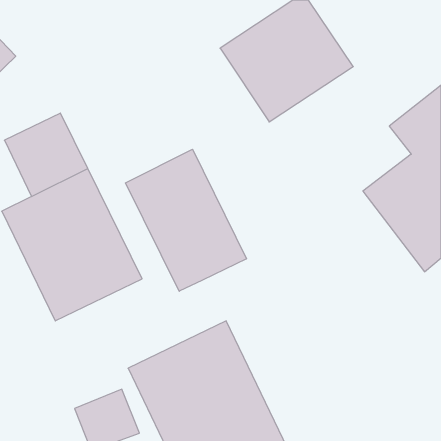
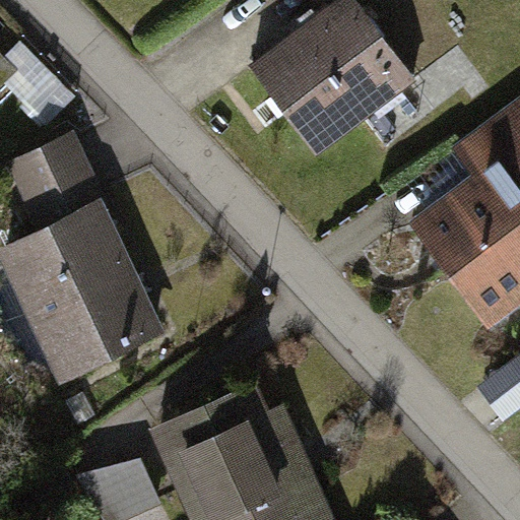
building: [126,149,246,291] -> none

